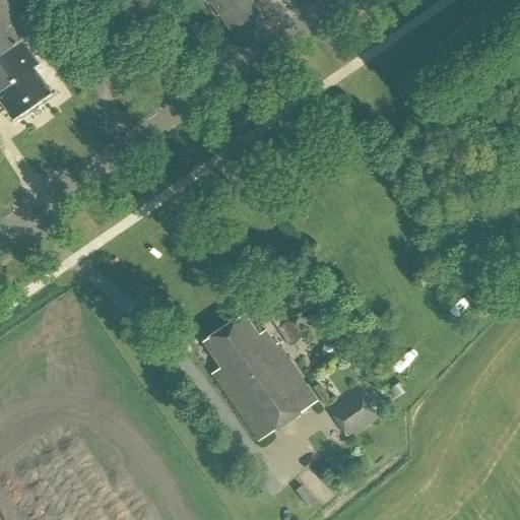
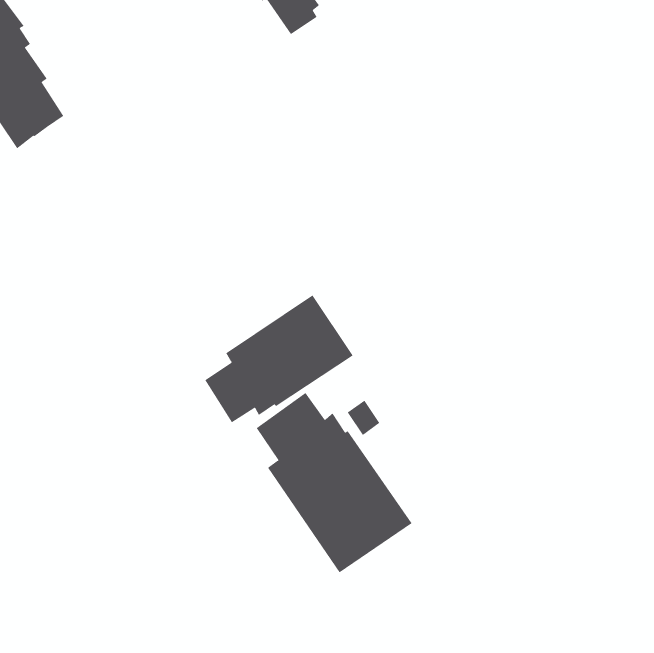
building: none -> [204,295,353,423]
building: [326,388,376,439] -> none

